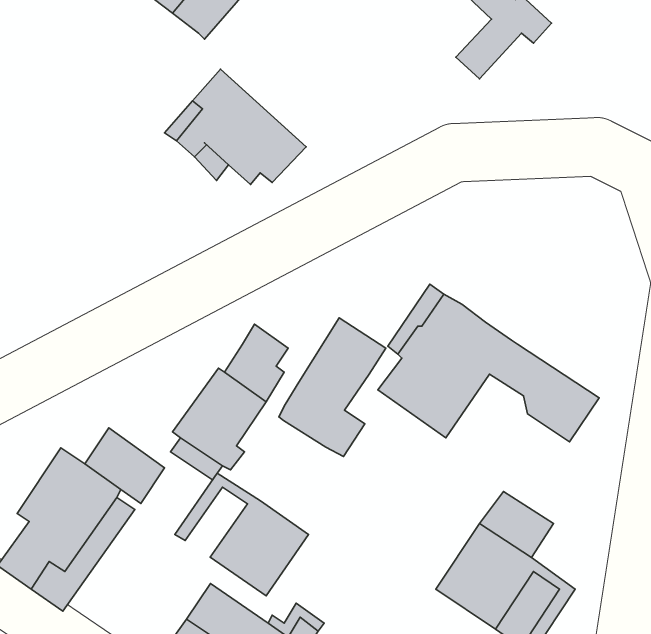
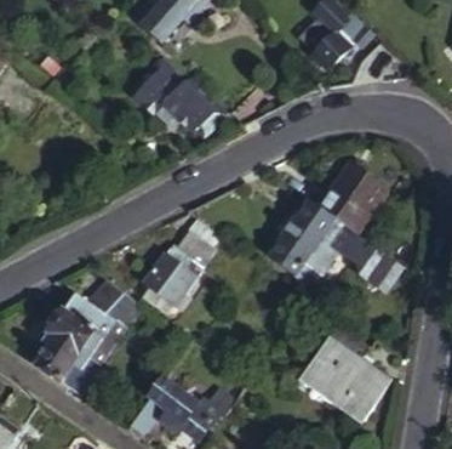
building: none -> [319,160,384,229]
building: [279,318,386,456] -> none
building: [175,473,308,596] -> none

